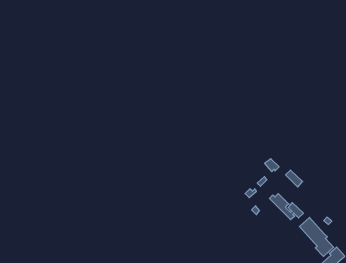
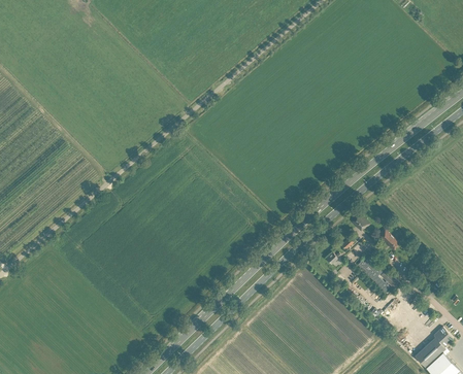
building: [299,217,334,256] -> none

